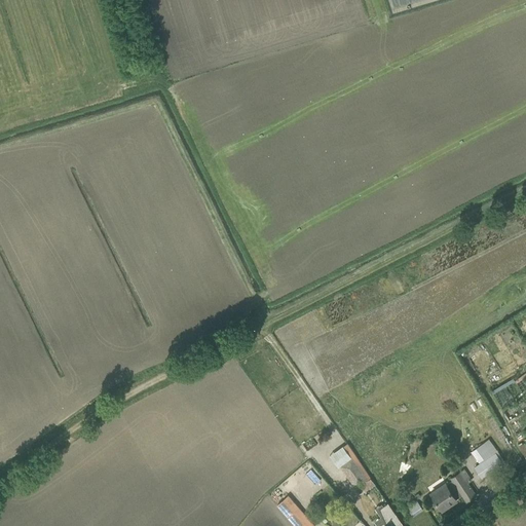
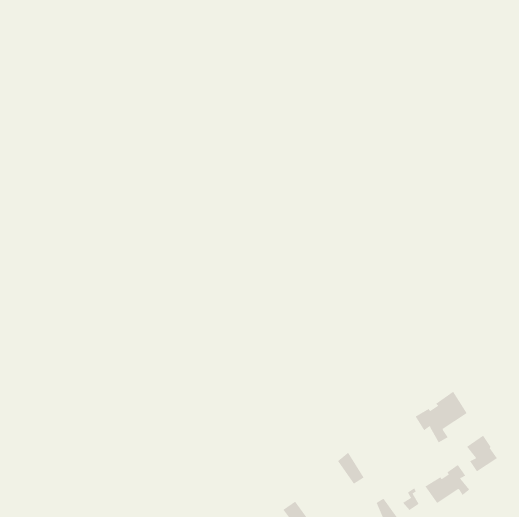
building: none -> [415,391,467,443]

